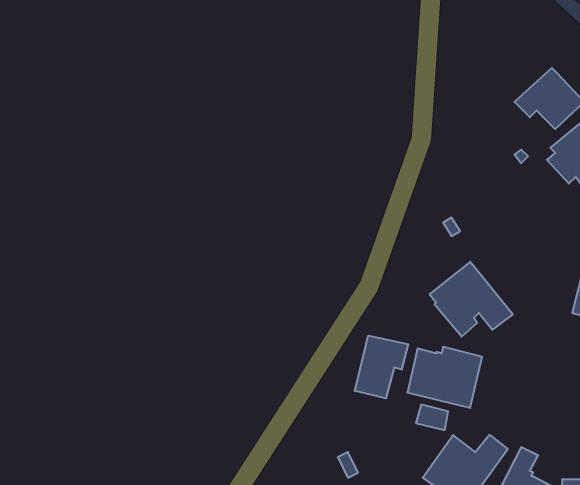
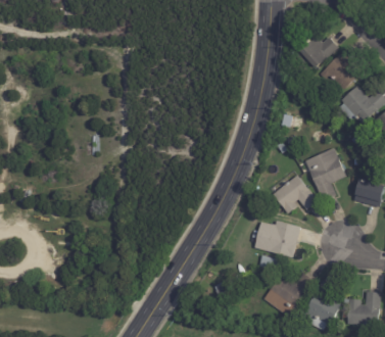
building: none -> [296,34,338,68]
building: none -> [304,147,346,201]
building: [355,336,408,398] -> none

